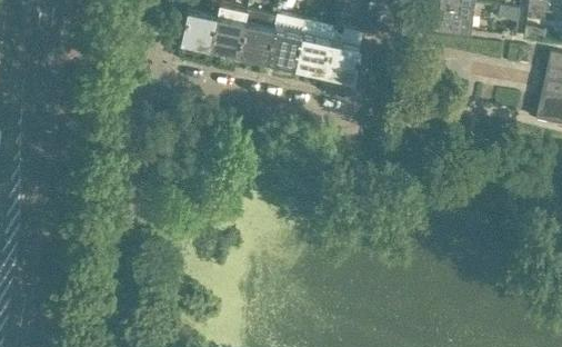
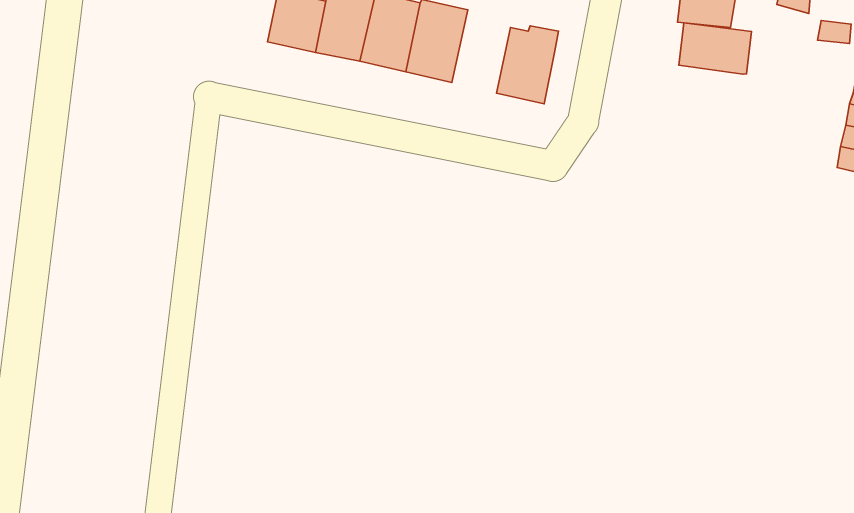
building: [295,22,333,75] -> none
building: none -> [679,23,751,74]

